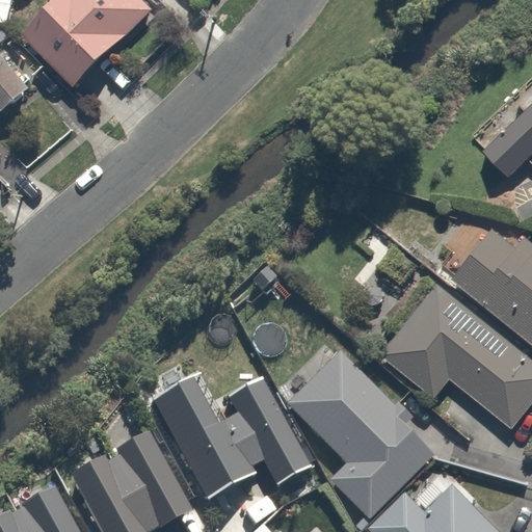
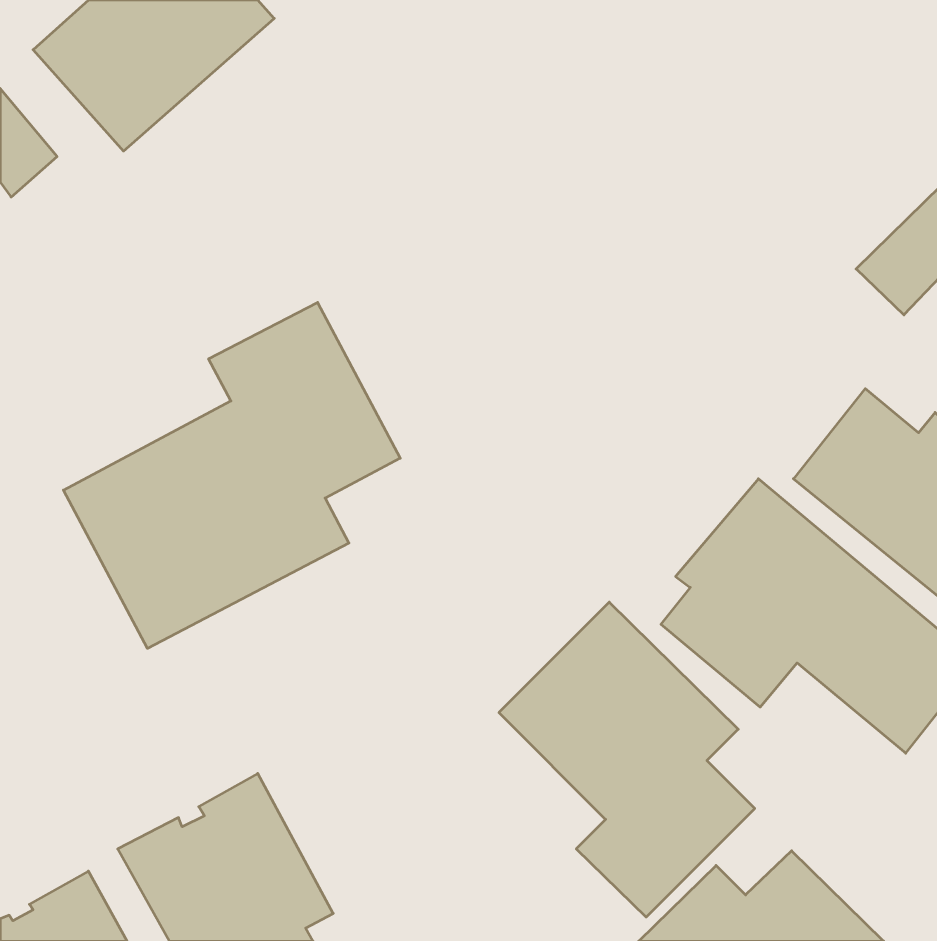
building: none -> [63,302,400,648]
building: [154,381,312,503] -> none

